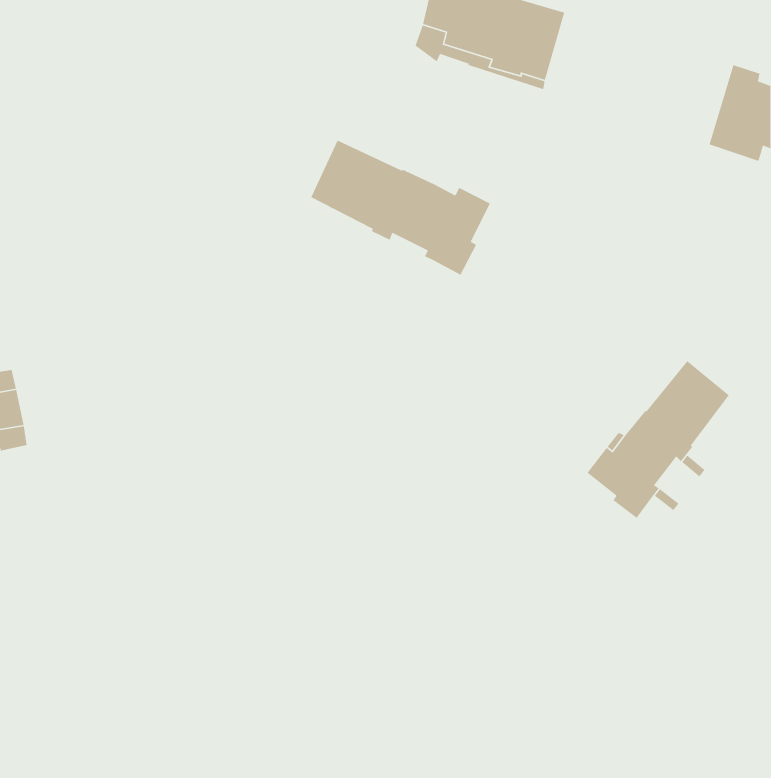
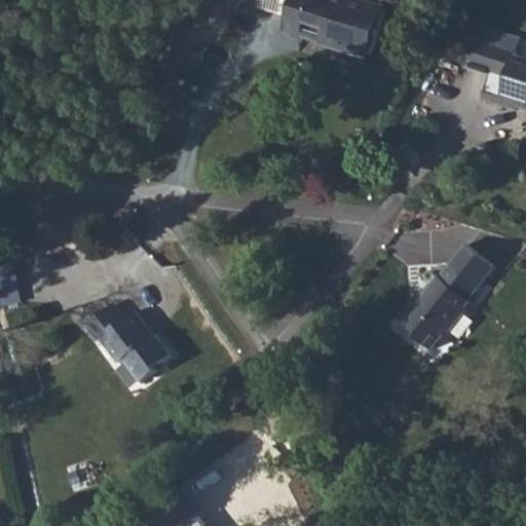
building: [310,139,491,276] -> none
building: none -> [82,303,168,381]

